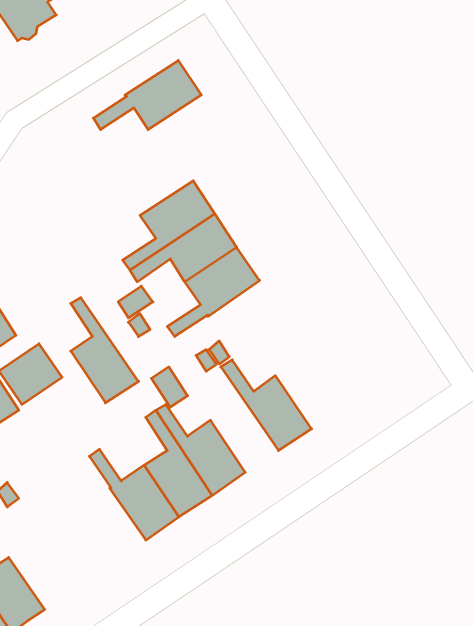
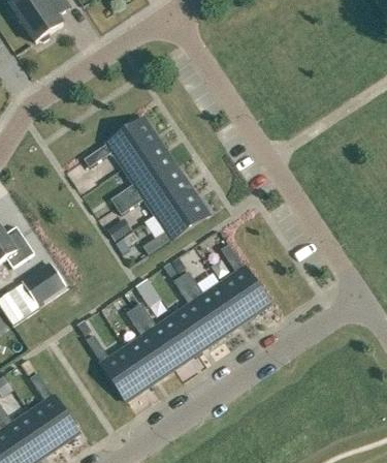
building: [93,60,201,130] -> [84,117,161,166]
building: [71,298,139,403] -> [173,275,222,350]
building: none -> [220,242,270,319]
building: none -> [29,372,78,449]

